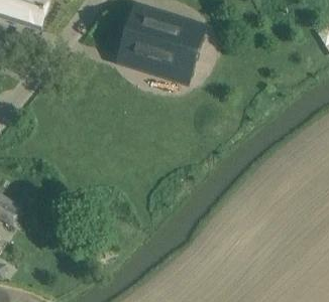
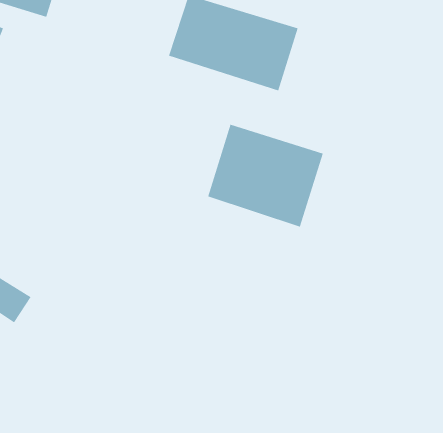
building: none -> [207,124,324,228]

